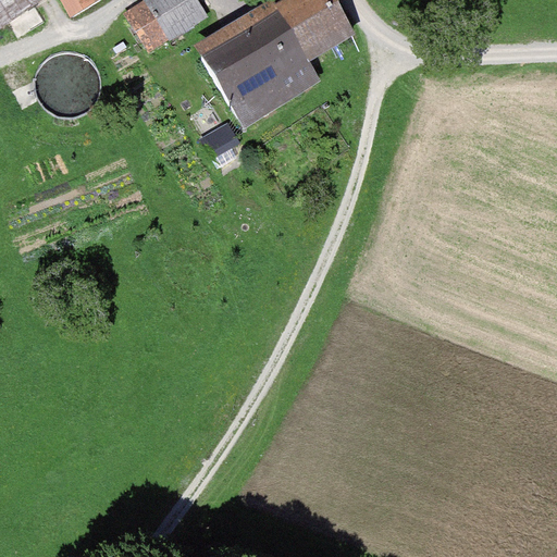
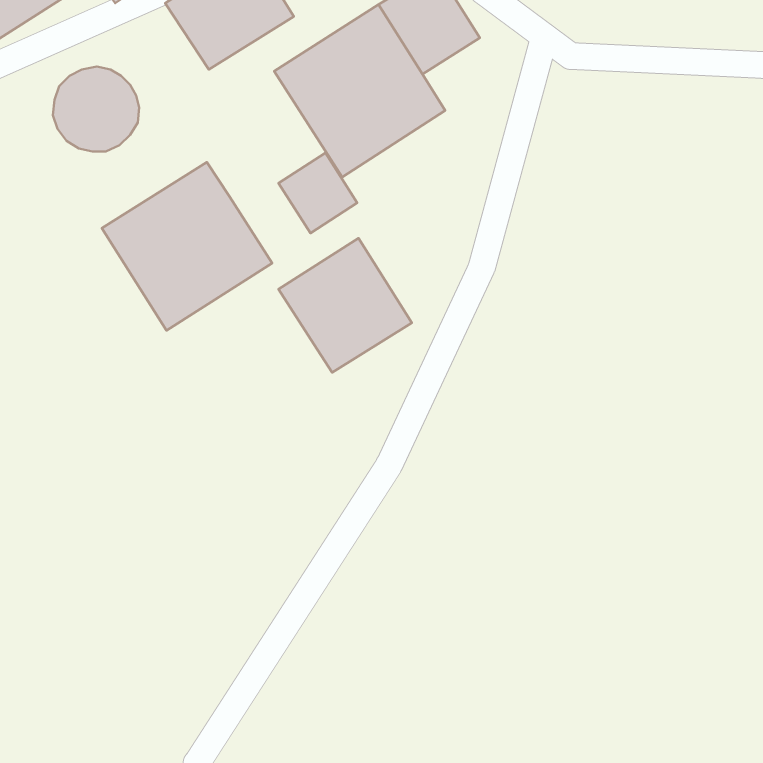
building: none -> [102,162,272,331]
building: none -> [278,238,412,373]

